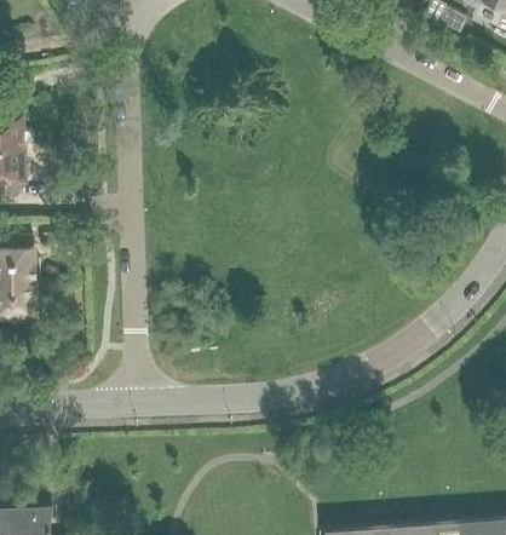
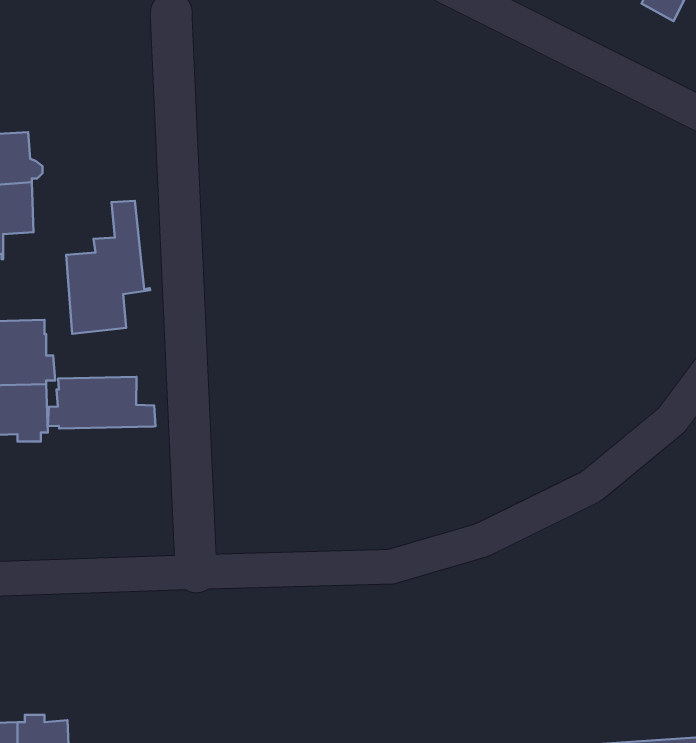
building: none -> [66,201,150,334]
building: none -> [48,377,155,429]

